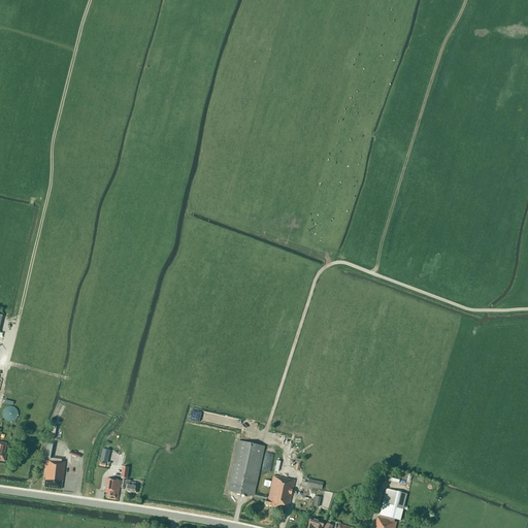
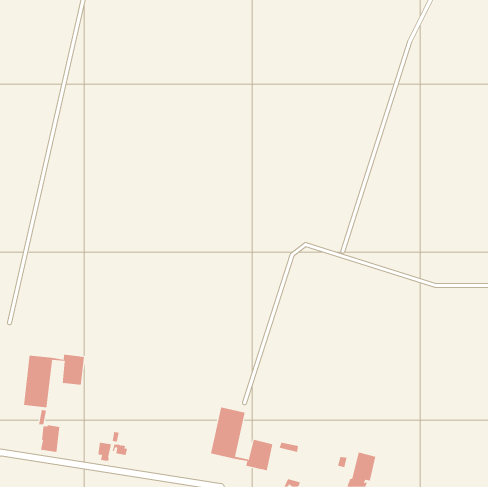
building: none -> [24,354,85,408]

